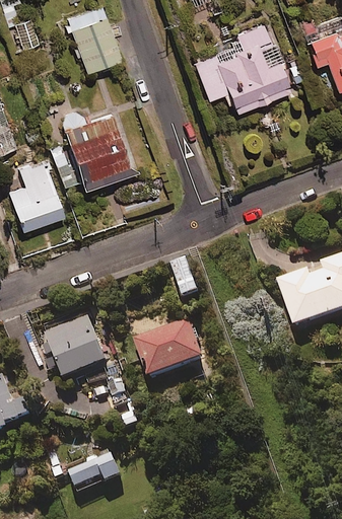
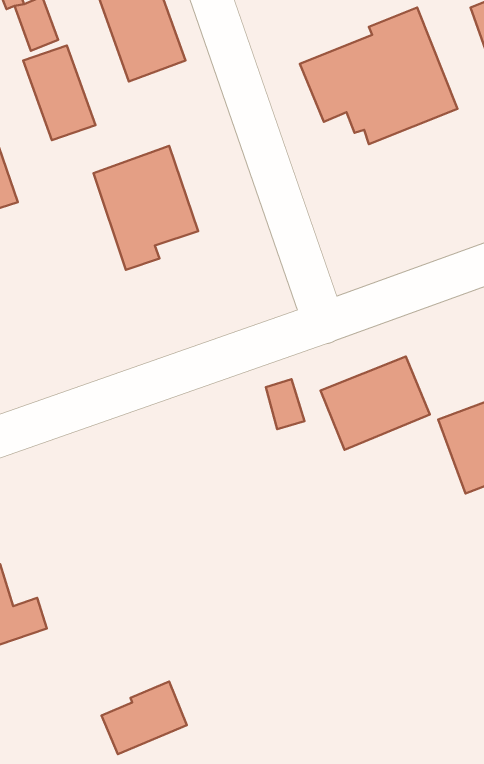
building: none -> [23,45,95,140]
building: [9,161,63,230] -> none
building: [46,316,107,377] -> none
building: [136,322,205,381] -> [320,357,430,450]

